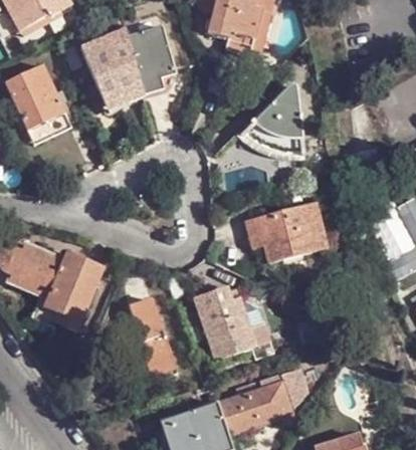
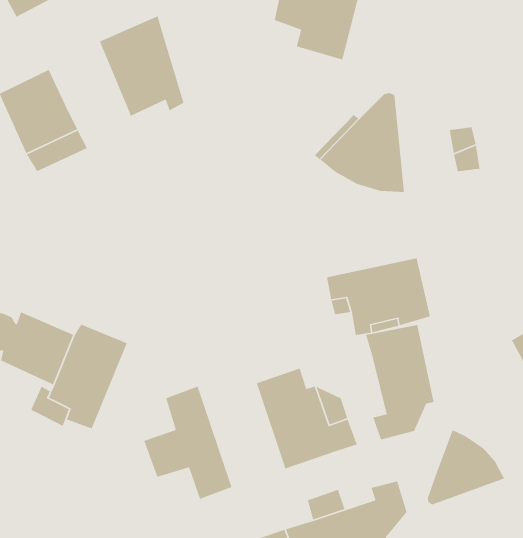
building: [127,27,177,91] -> none
building: none -> [365,324,435,440]
building: none -> [427,429,505,506]

